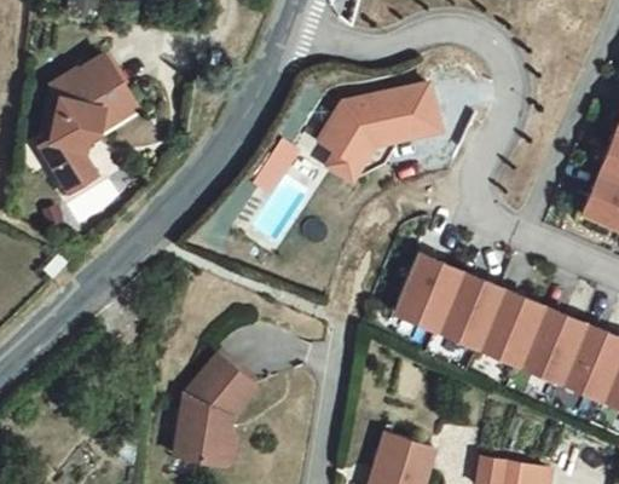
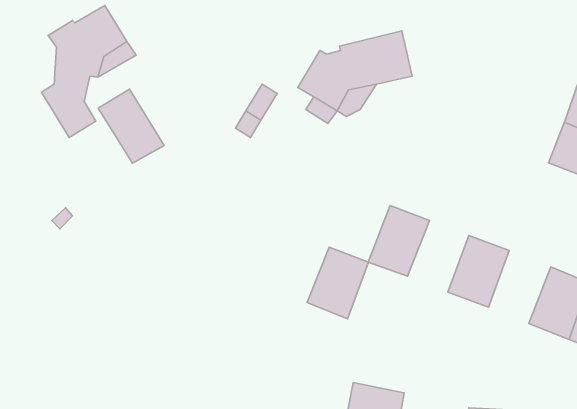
building: none -> [98,89,164,163]
building: [433,275,497,350] -> [307,247,368,319]
building: [517,306,583,382] -> none
building: [184,348,259,453] -> none

